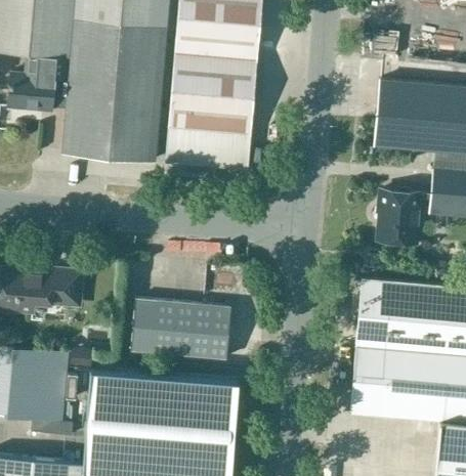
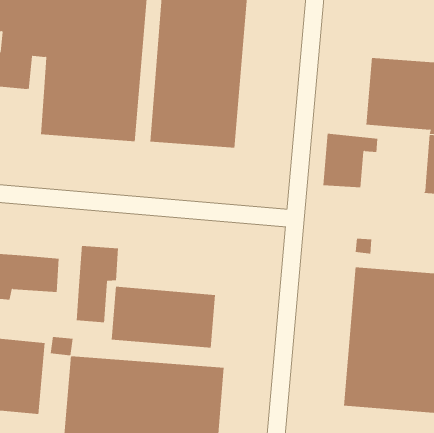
building: [377,190,430,243] -> [323,133,378,188]
building: none -> [76,245,118,323]

